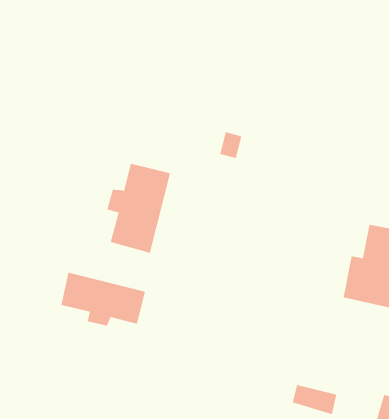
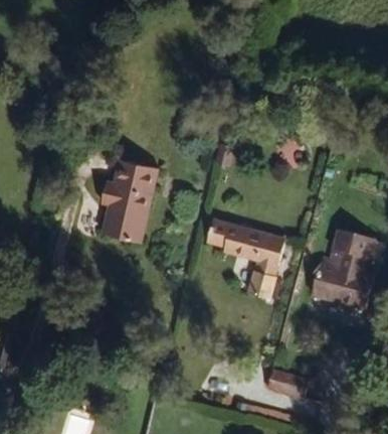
building: none -> [206,221,283,296]
building: [61,272,146,326] -> none

